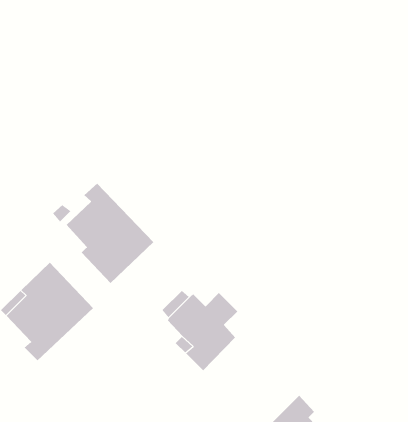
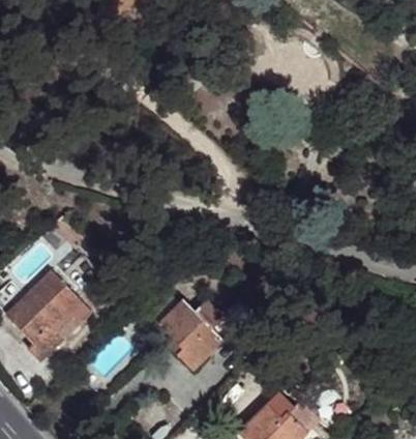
building: [66,183,154,284] -> none

